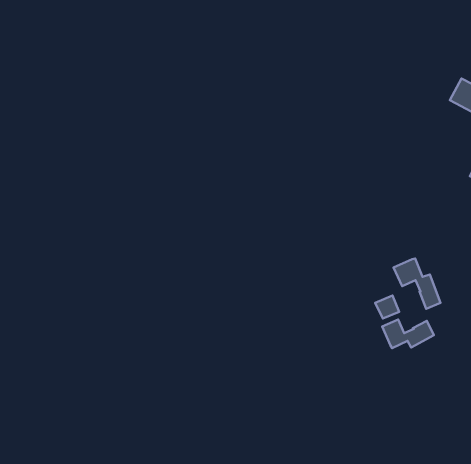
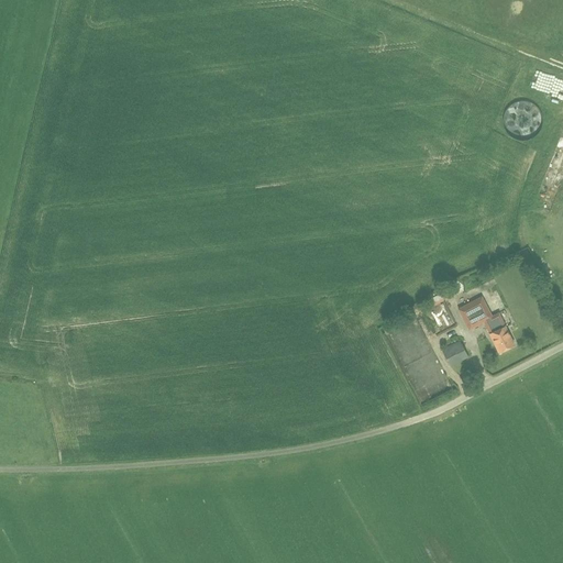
building: [382,320,434,348] -> none

